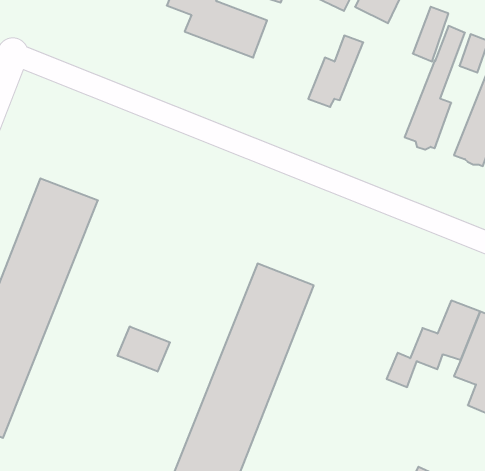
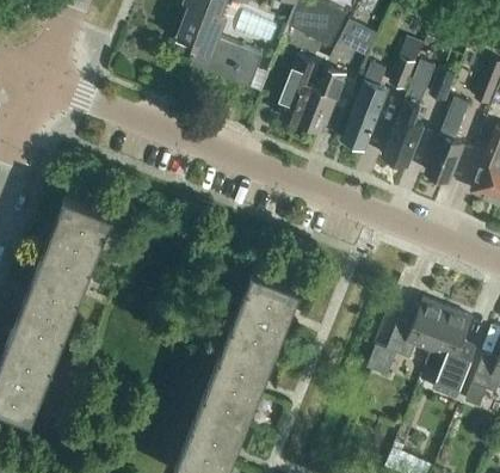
building: none -> [278,56,314,124]
building: none -> [341,63,387,149]
building: [118,326,170,372] -> none

